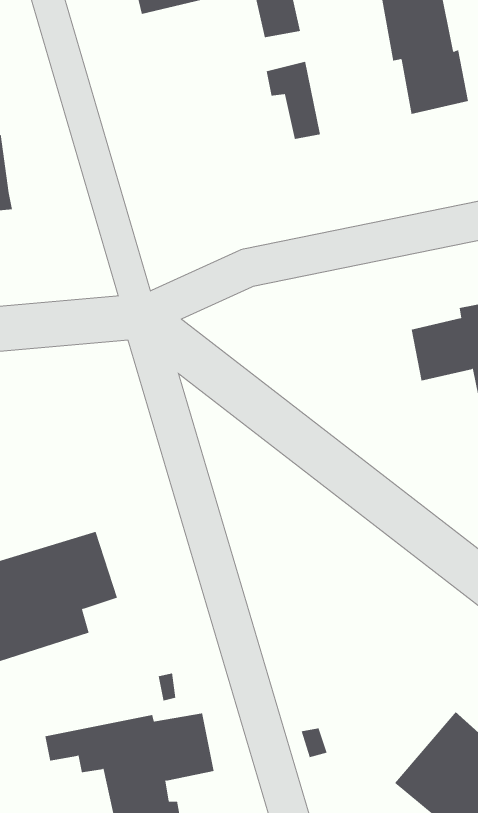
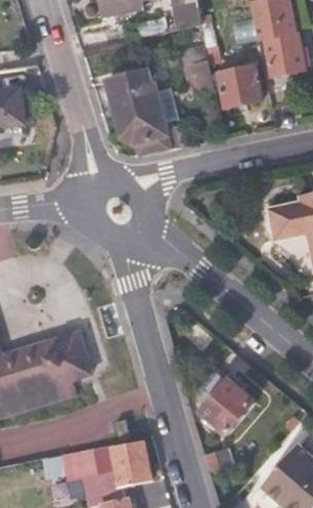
building: none -> [218,66,262,107]
building: none -> [106,70,191,156]
building: none -> [195,368,256,434]

